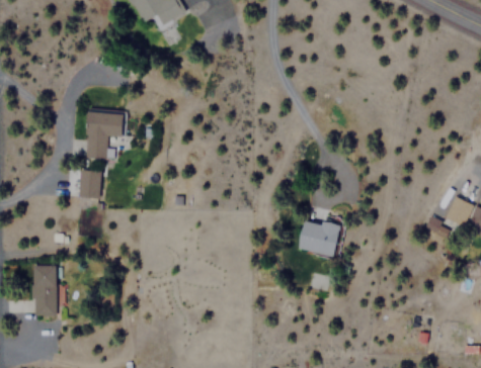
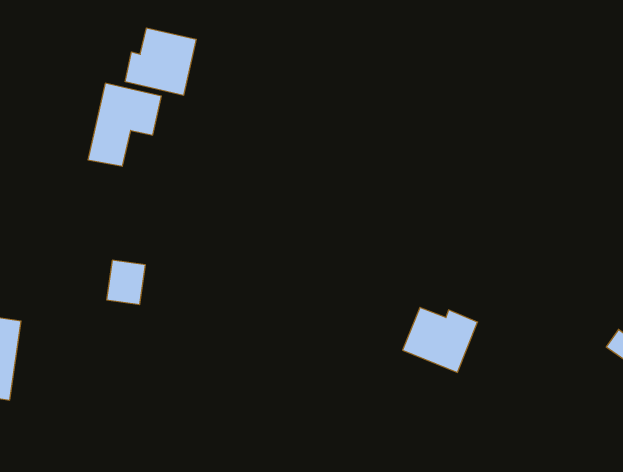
building: none -> [125,28,196,95]
building: [80,170,101,195] -> [107,260,145,305]

